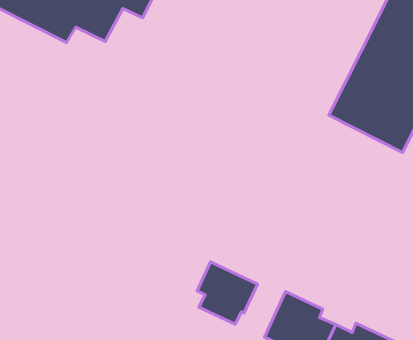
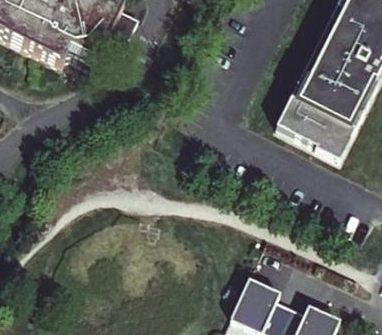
building: [197,262,258,324] -> none

